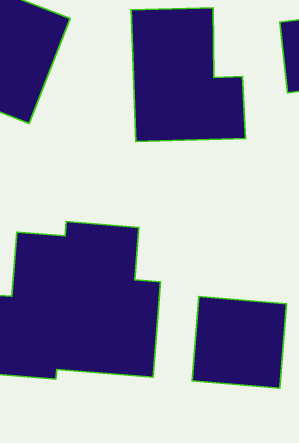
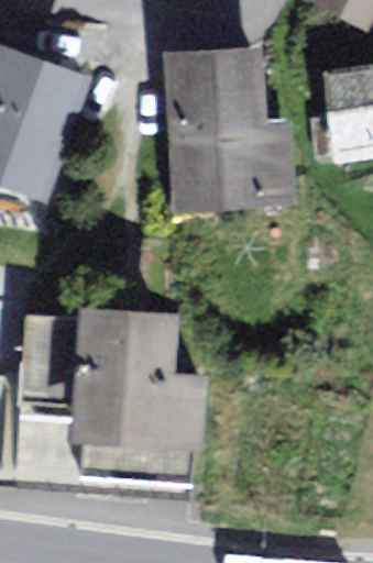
building: [192,297,286,388] -> none

